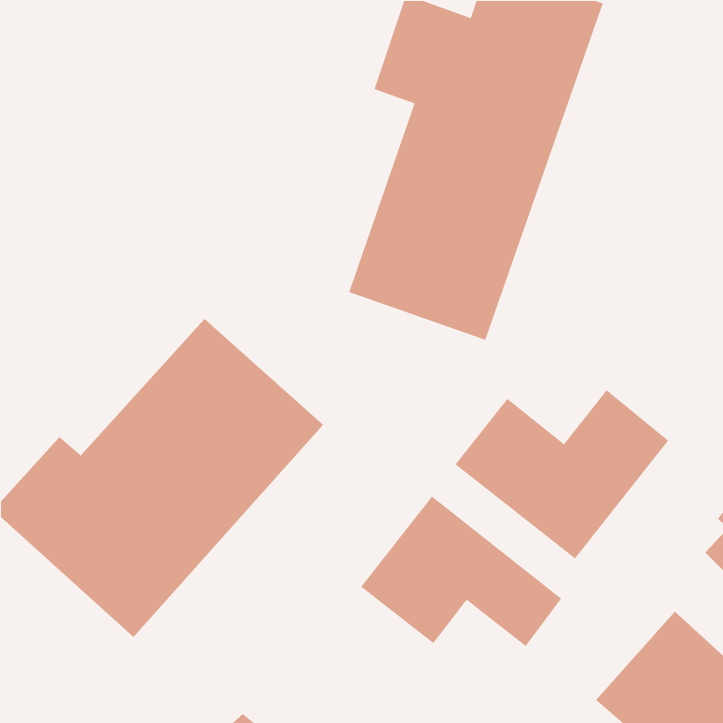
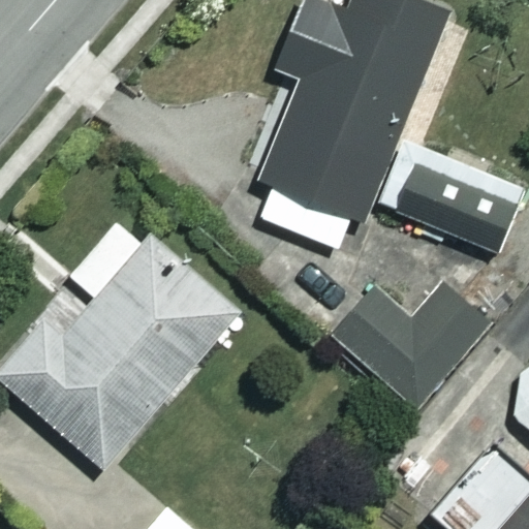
building: none -> [376,137,521,249]
building: [360,496,562,647] -> none

